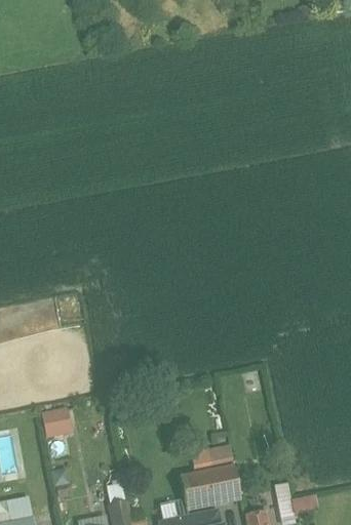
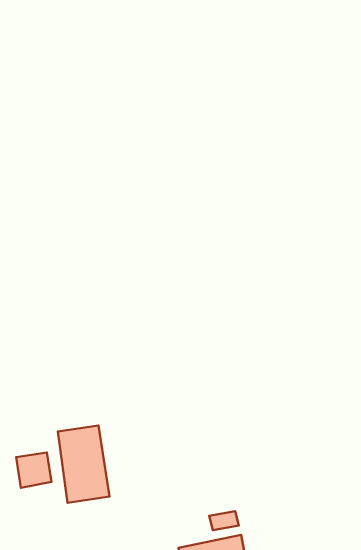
building: none -> [58,425,110,503]

